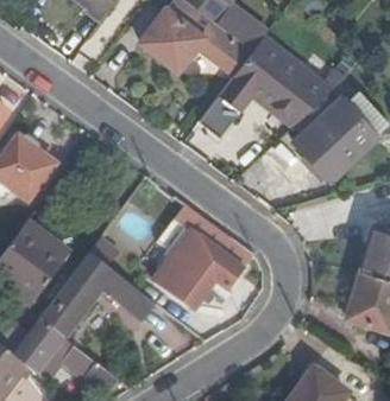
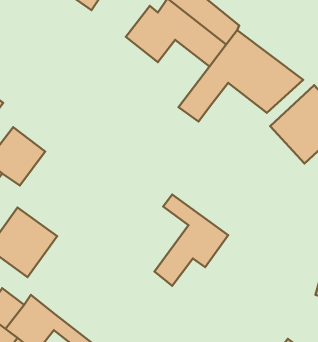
building: [152,230,209,294] -> none
building: [39,253,153,338] -> none

